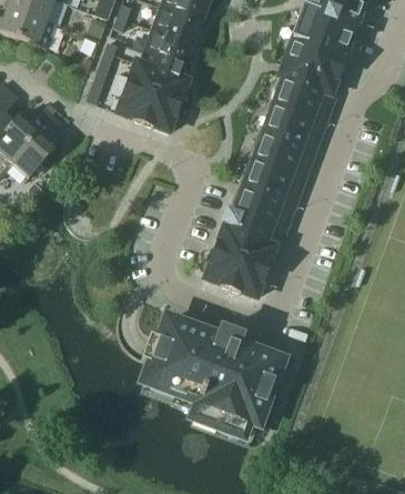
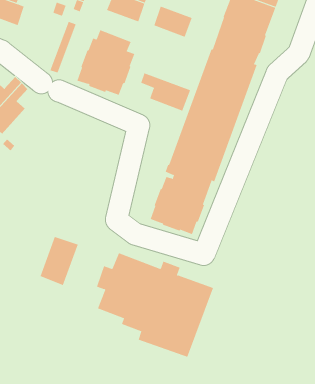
building: [145,28,192,65] -> [154,6,193,38]
building: none -> [141,73,191,111]
building: none -> [40,236,78,286]

